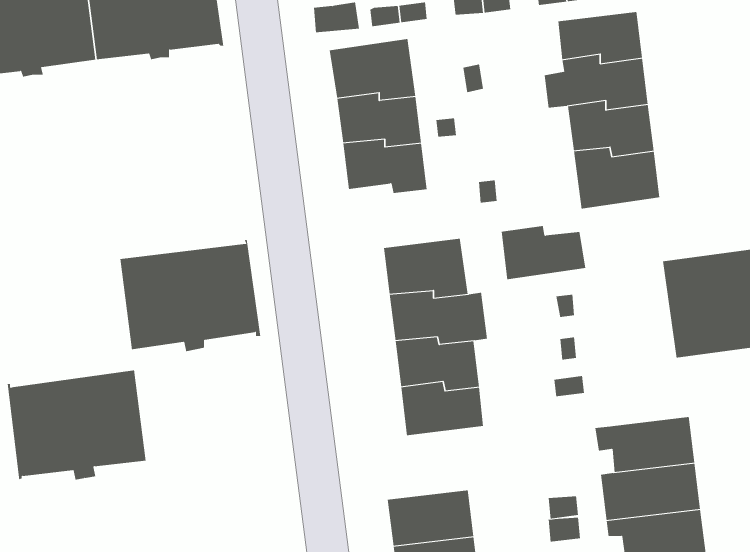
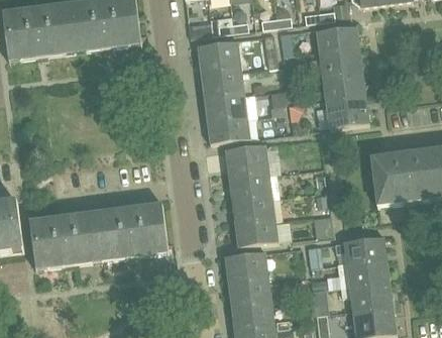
building: [501,226,586,280] -> [207,114,251,142]
building: [120,239,261,352] -> [96,201,170,259]
building: none -> [224,249,269,278]

